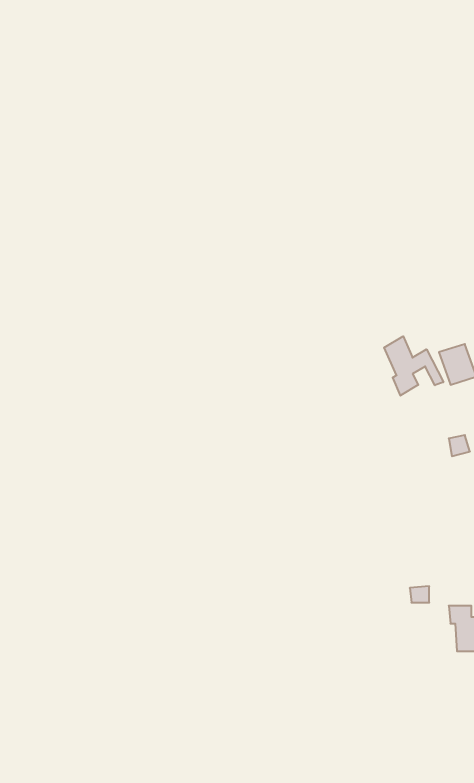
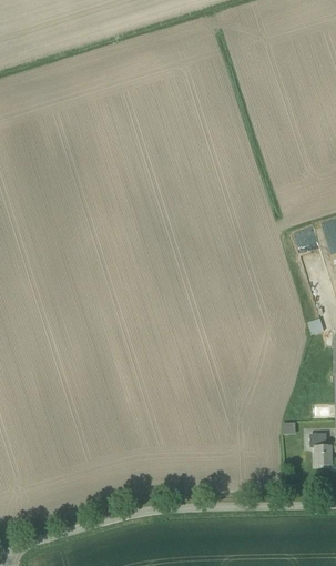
building: [384,336,443,396] -> none

